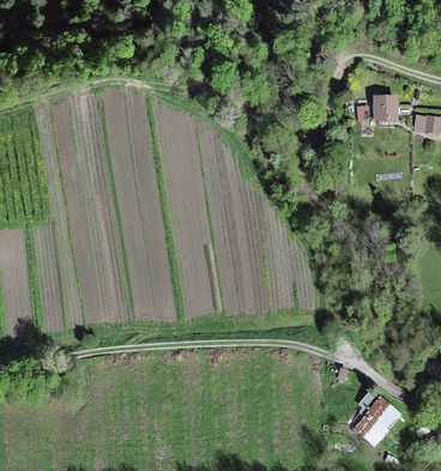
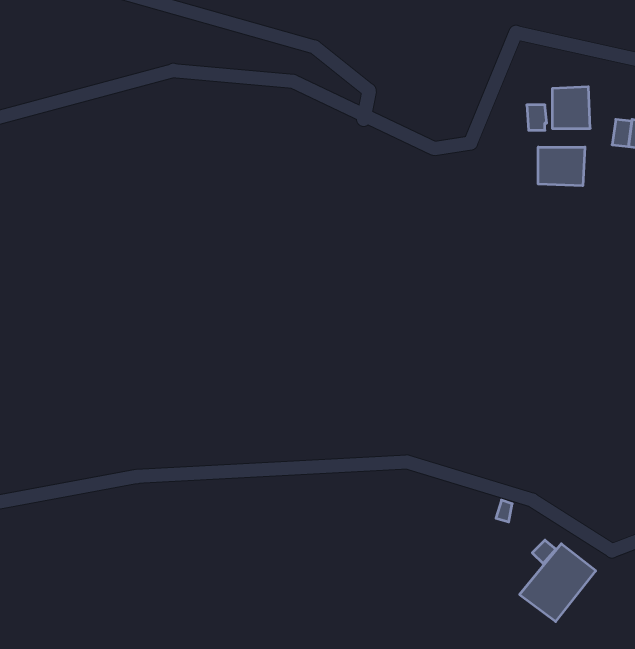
building: none -> [538,147,585,186]

